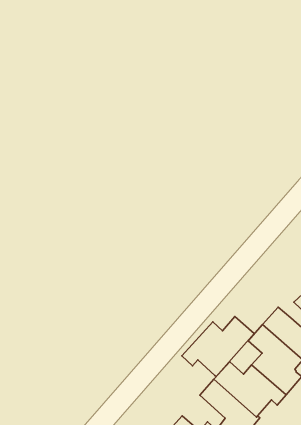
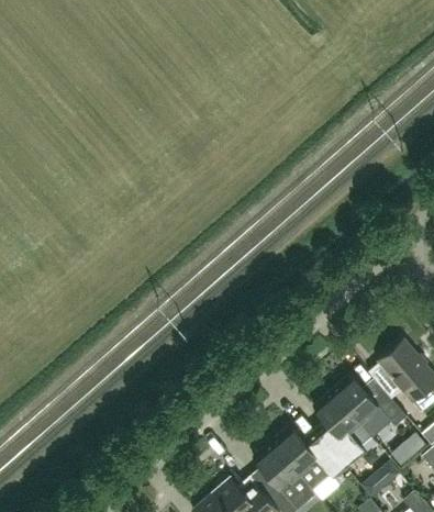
building: [182,317,254,377] -> none

